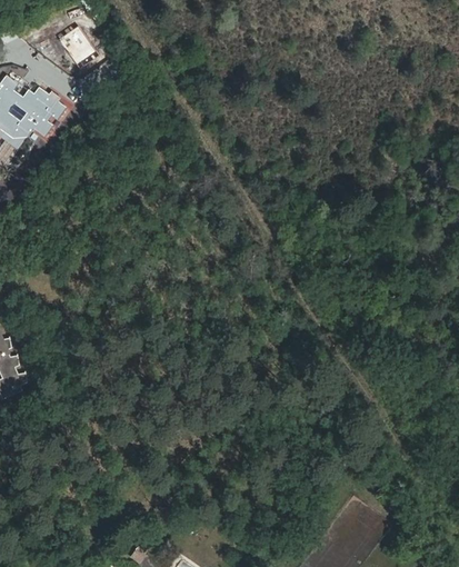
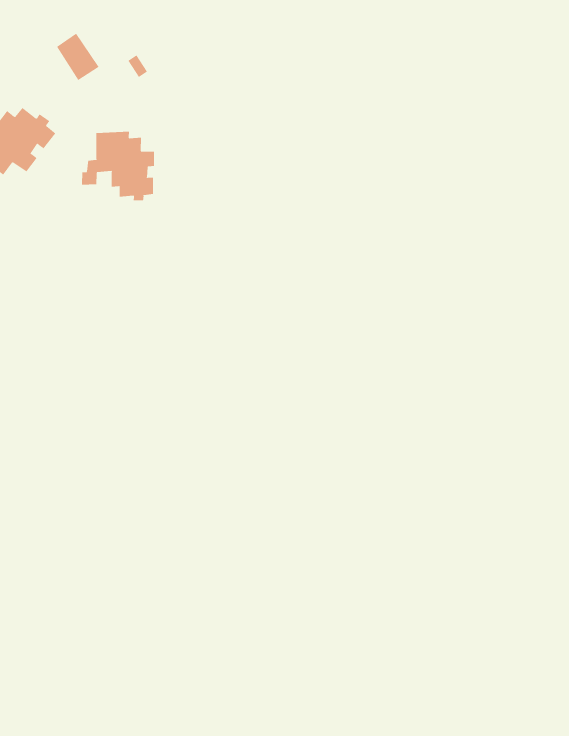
building: none -> [82,131,155,201]

